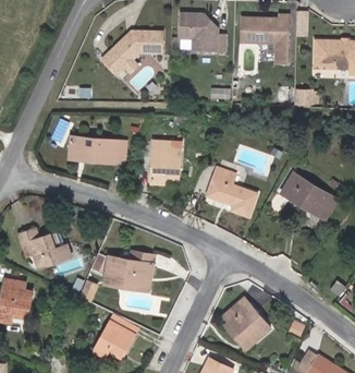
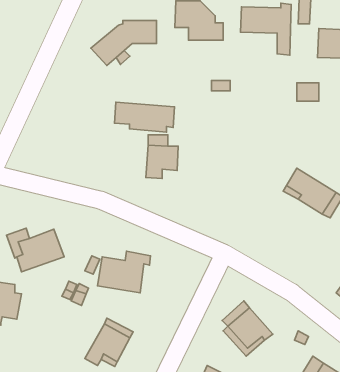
building: [69,135,125,164] -> [115,102,174,132]
building: [207,167,257,216] -> none

